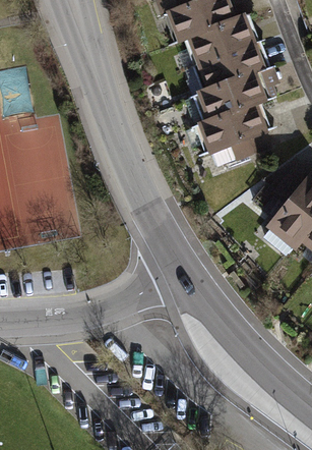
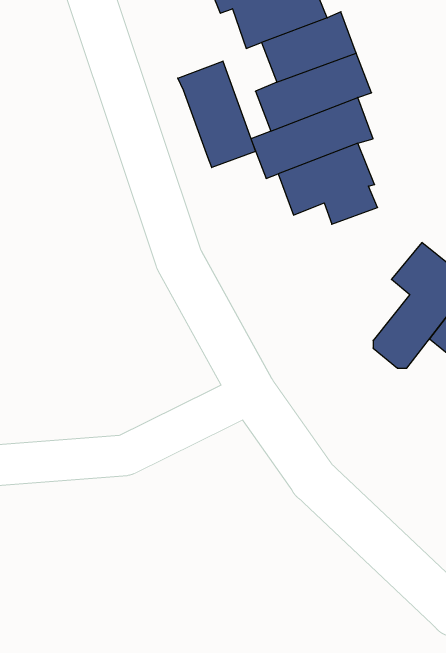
building: none -> [178,61,255,168]

